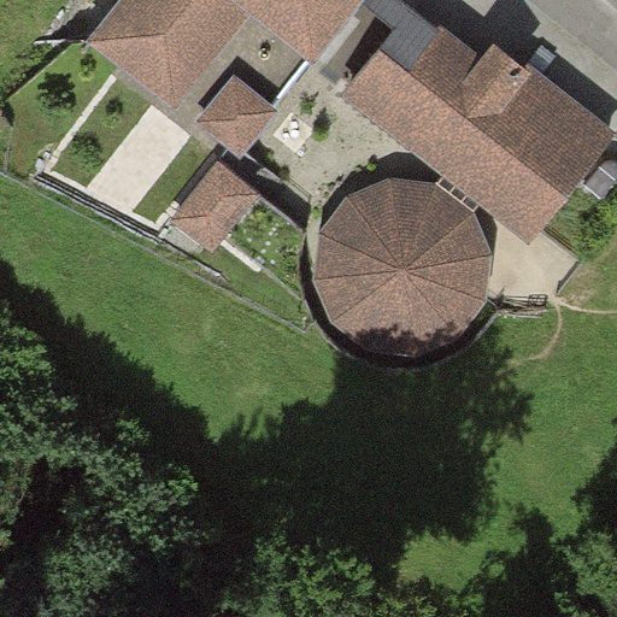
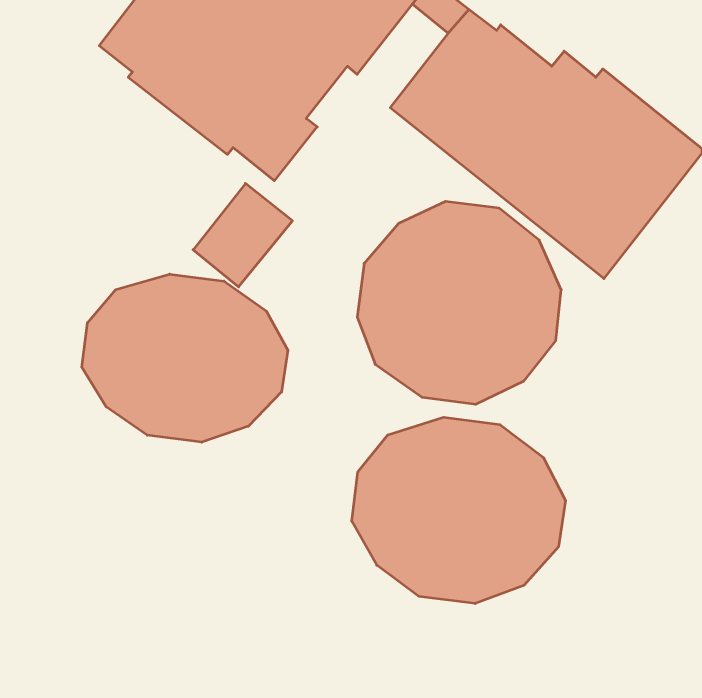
building: none -> [82,274,288,442]
building: none -> [352,417,565,604]

